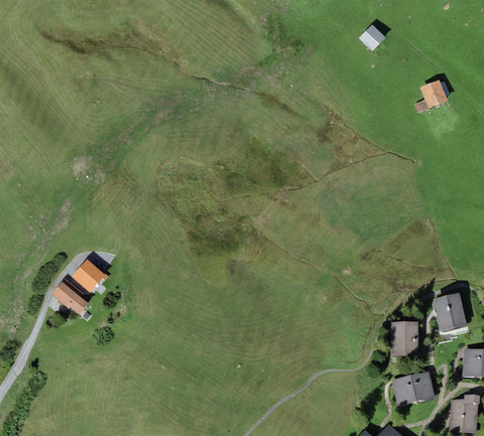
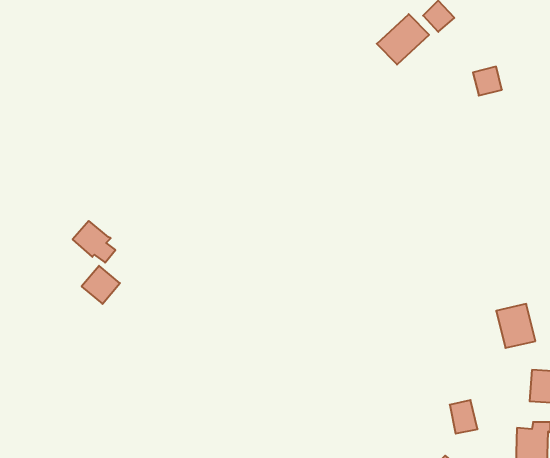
building: none -> [377,14,429,65]
building: [51,278,89,314] -> [73,221,115,263]
building: [391,322,418,355] -> none
building: [410,372,435,401] -> none

